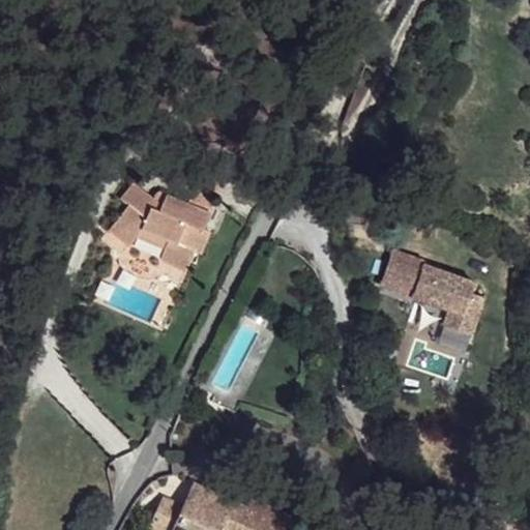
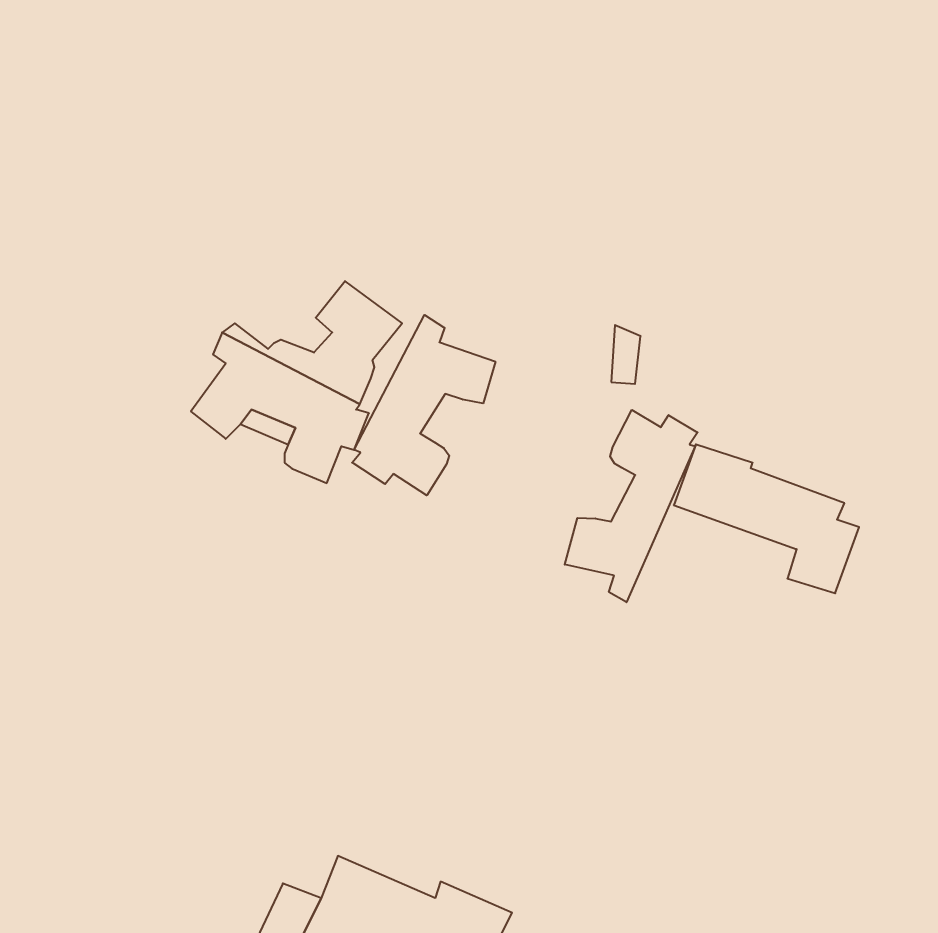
building: none -> [352,315,495,495]
building: none -> [565,410,698,602]

